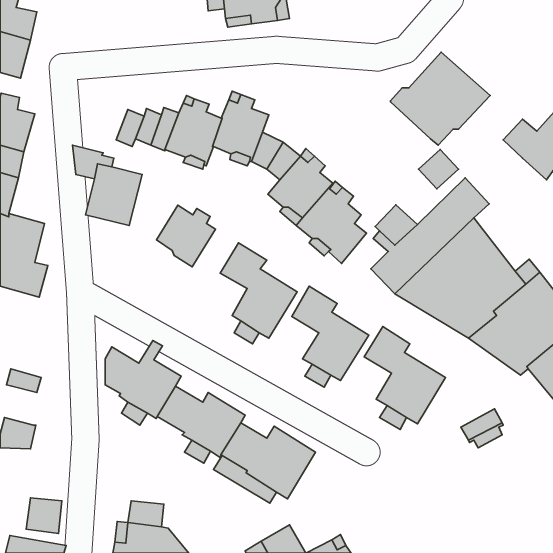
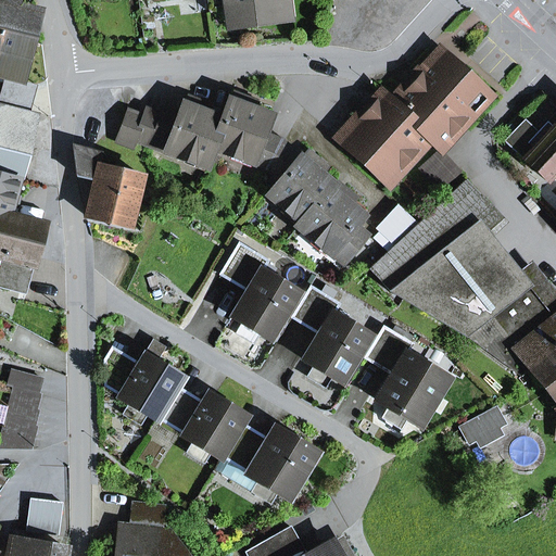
building: none -> [342,94,432,185]
building: [157,205,216,267] -> none
building: none -> [5,387,41,426]

